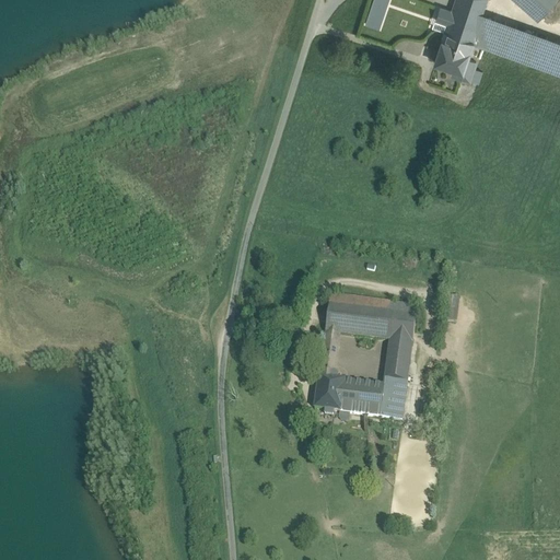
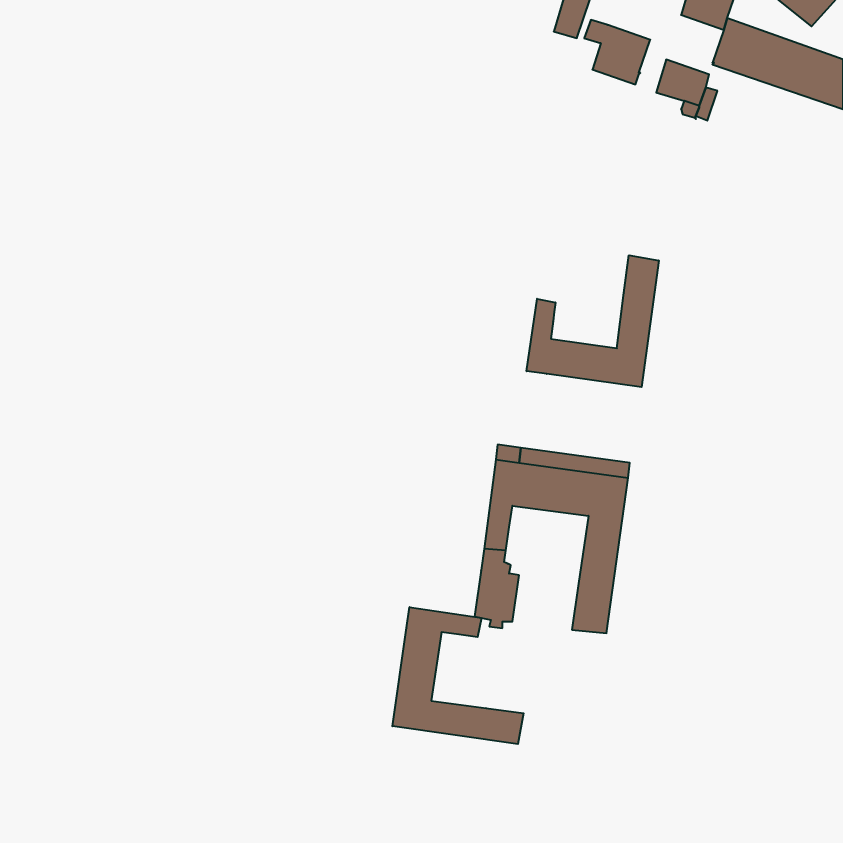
building: [435,7,479,49] -> [584,20,650,84]
building: none -> [527,255,659,387]
building: [339,381,383,417] -> none
building: none -> [392,607,524,744]

